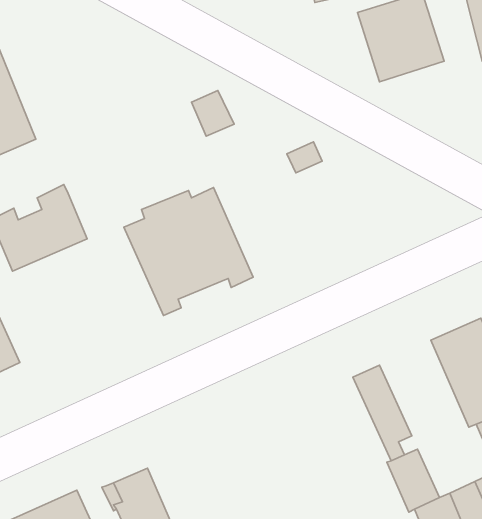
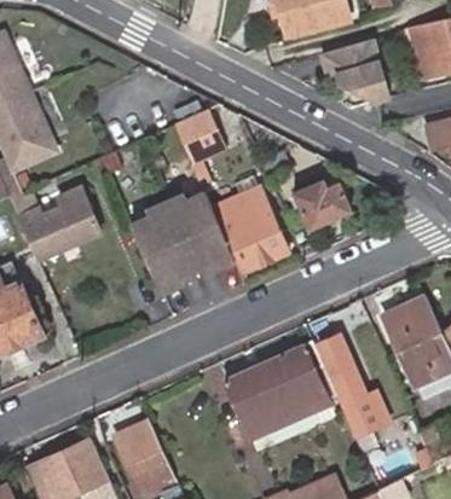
building: none -> [296,179,352,227]
building: none -> [213,185,287,272]
building: none -> [224,342,337,439]

